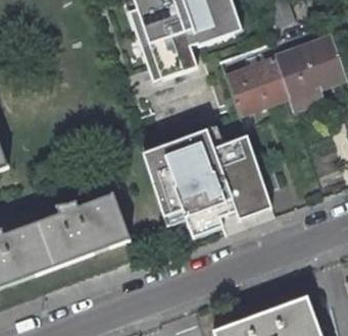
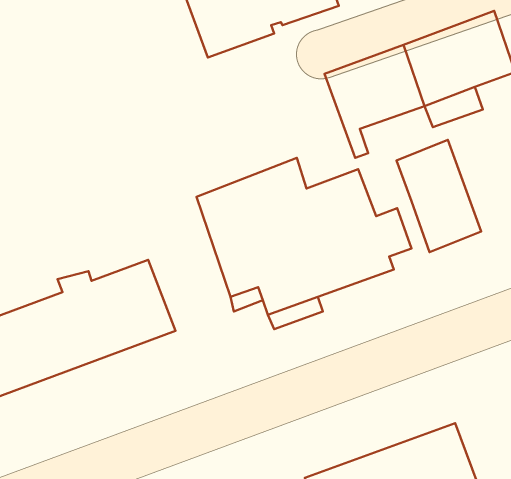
building: none -> [396,140,481,252]

